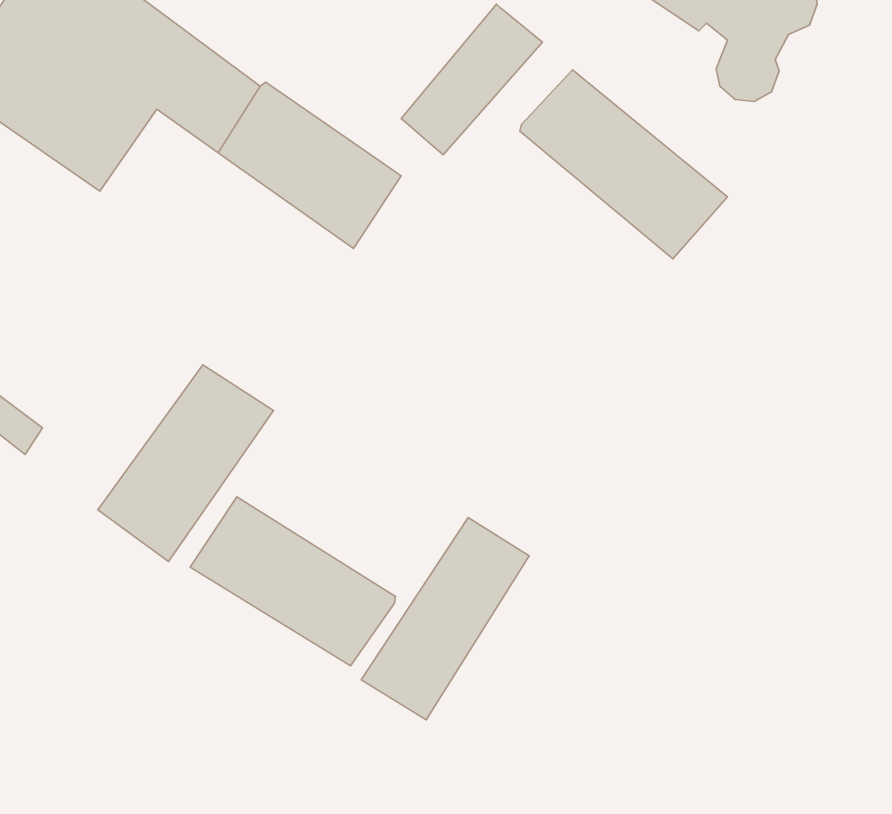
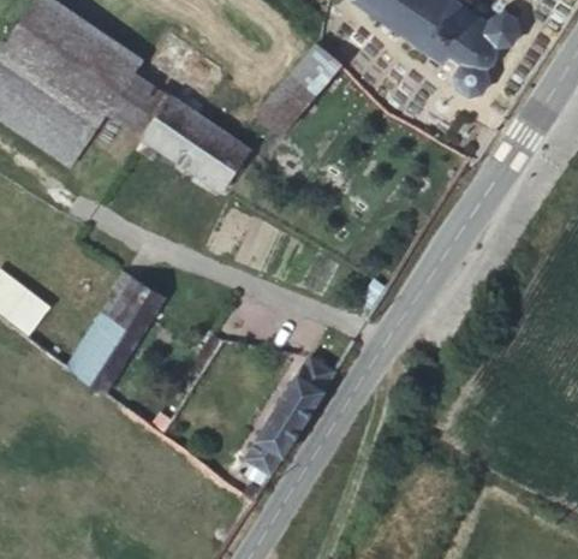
building: [520,70,727,259] -> none
building: [190,497,395,666] -> none

